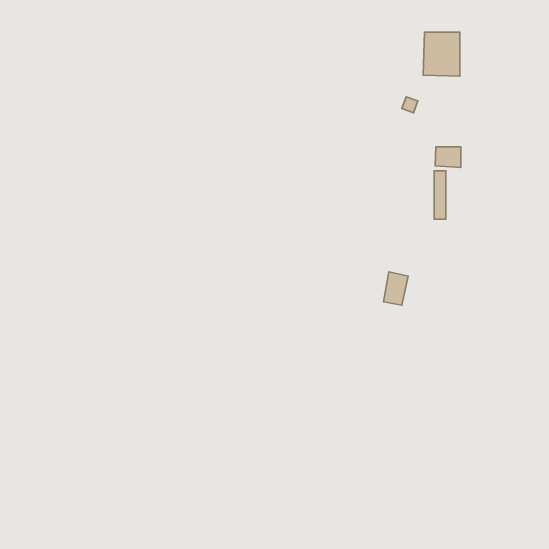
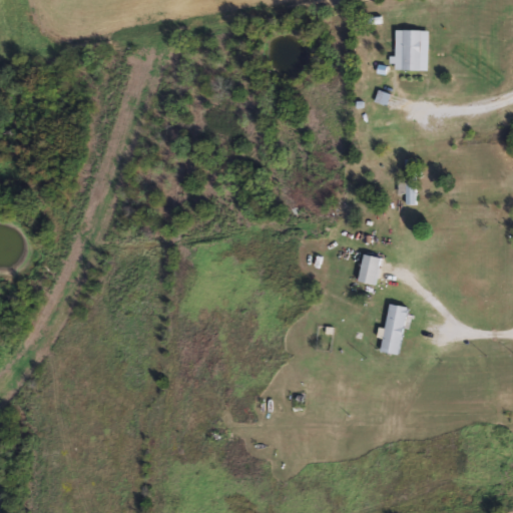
building: [435,147,461,167] -> none
building: none -> [380,303,408,356]

